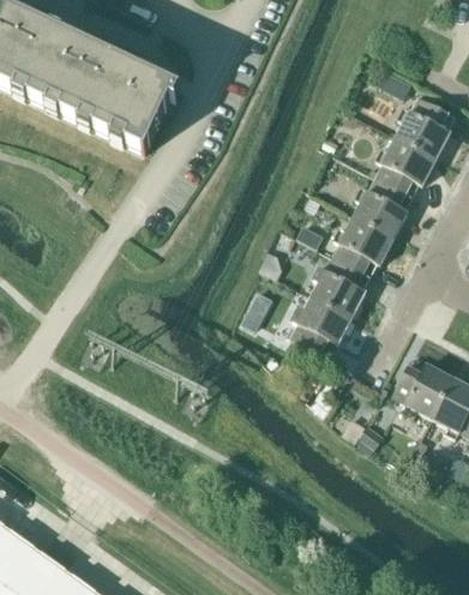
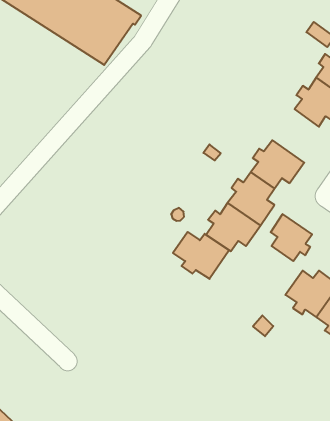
building: [354,176,408,238] -> none
building: none -> [271,214,312,261]
building: none -> [173,232,229,279]

